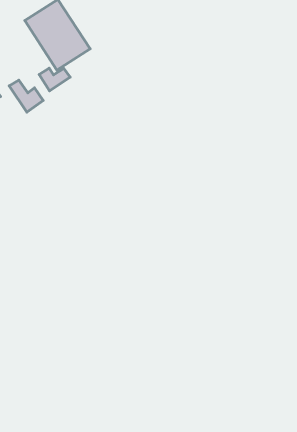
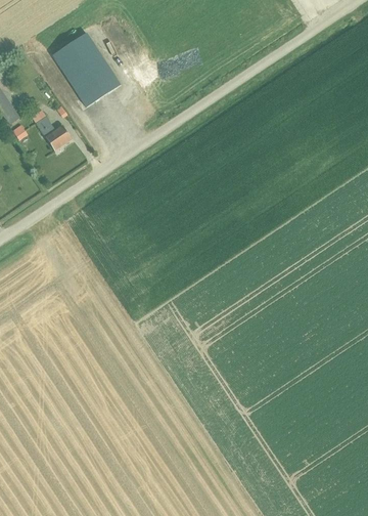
building: [39,68,70,91] -> none

